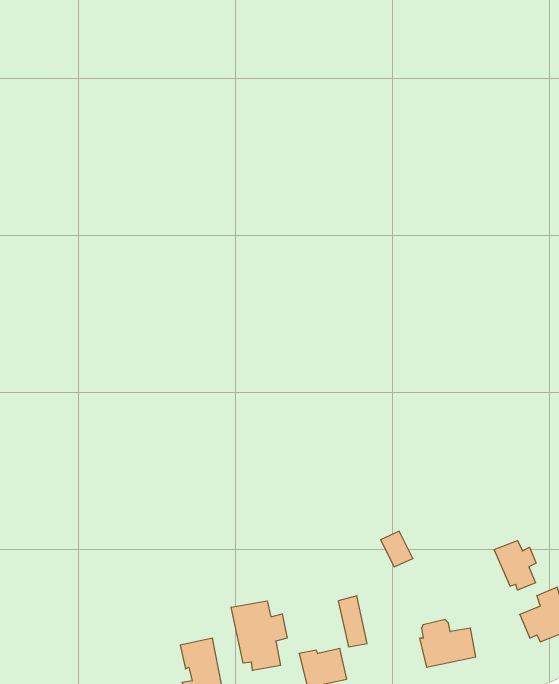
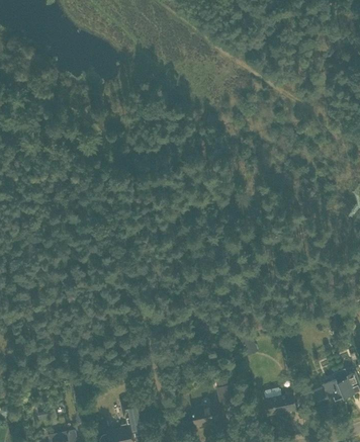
building: [494,541,536,590] -> none
building: [231,601,287,671] -> none

